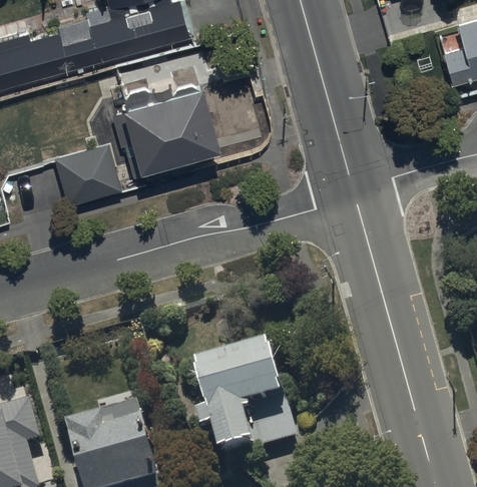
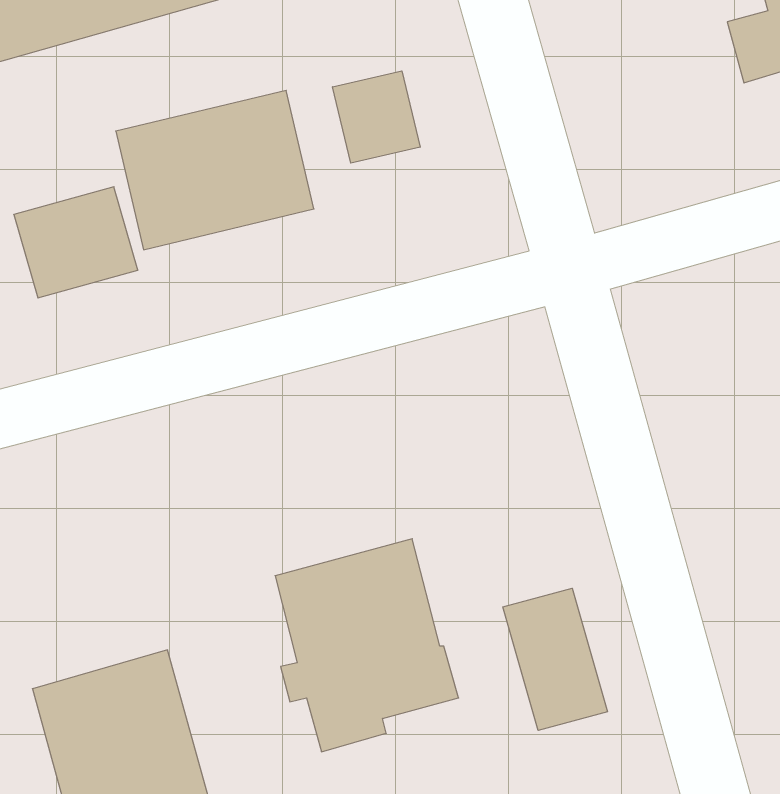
building: none -> [333,71,420,163]
building: none -> [503,588,608,730]

